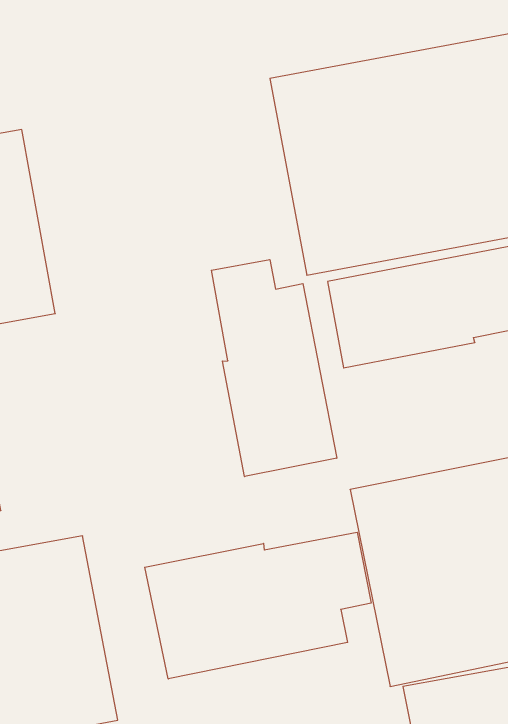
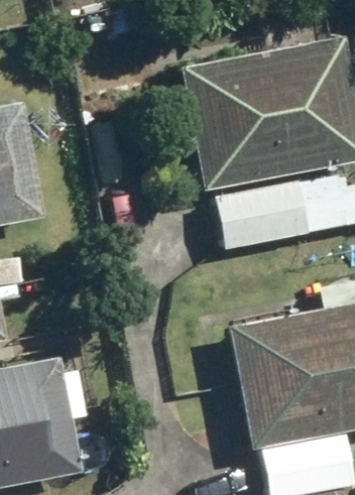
building: [211,260,337,477] -> none
building: [145,532,371,679] -> none

